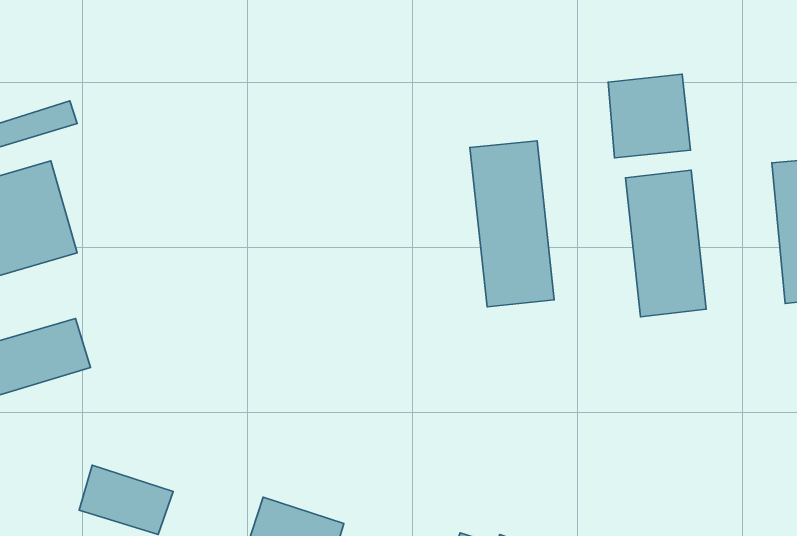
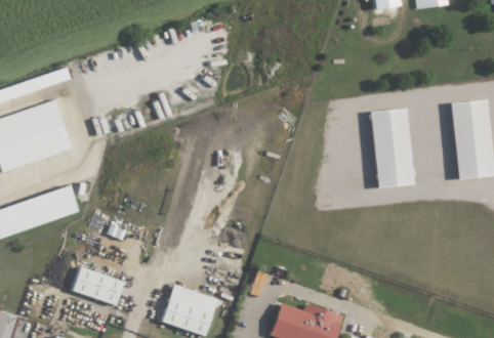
building: [608,74,690,158] -> none
building: [470,141,554,307] -> none

